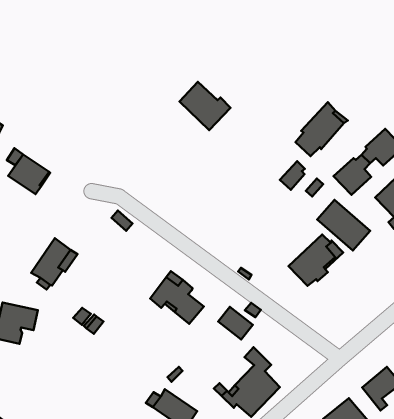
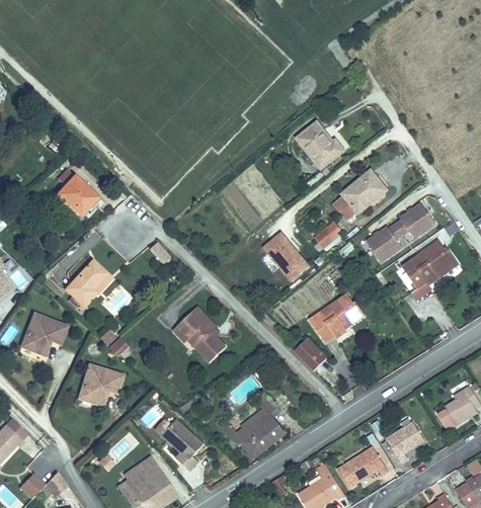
building: [179,82,230,130] -> [297,121,344,169]
building: [317,200,370,251] -> [261,231,310,281]
building: [218,307,253,339] -> [295,338,327,370]
building: none -> [79,365,124,406]

